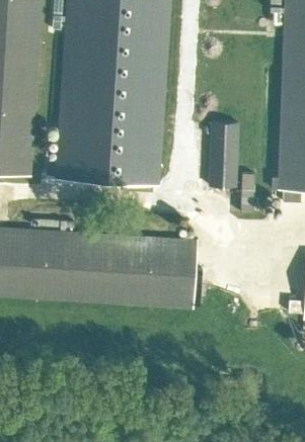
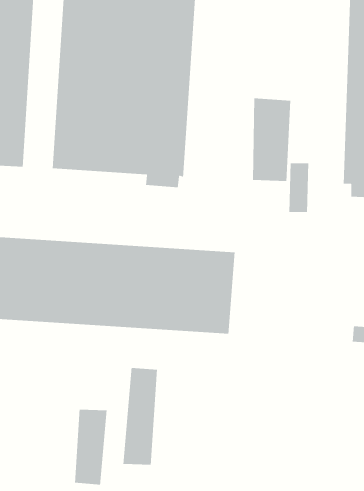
building: none -> [123,367,158,465]
building: none -> [74,409,108,485]

